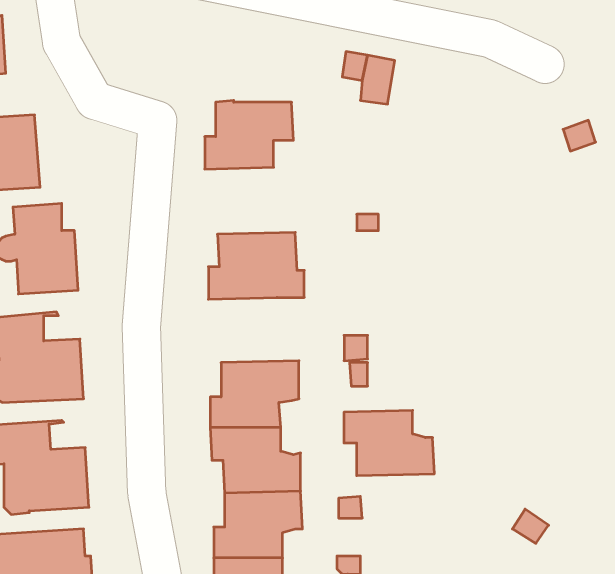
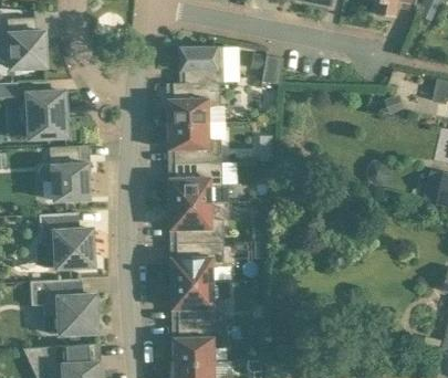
building: none -> [178,45,223,83]
building: none -> [166,123,221,164]
building: [344,410,434,476] -> [168,202,223,242]

